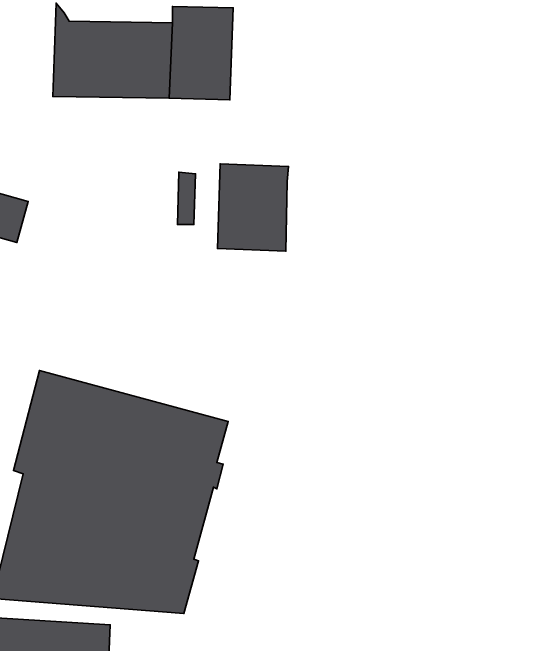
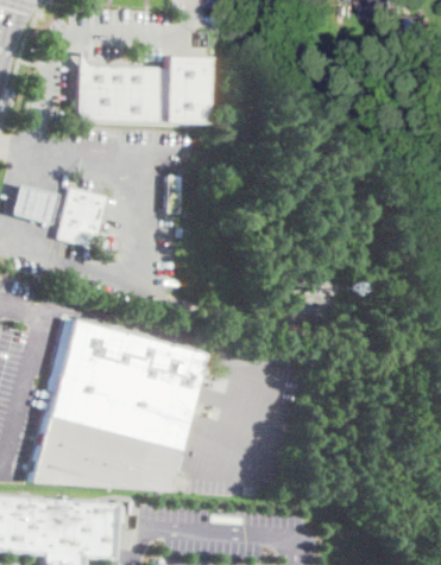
building: [218,164,288,251] -> none
building: none -> [56,188,105,247]

